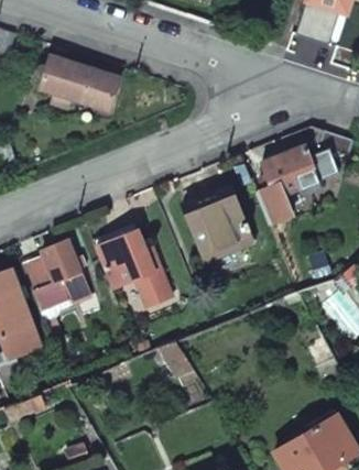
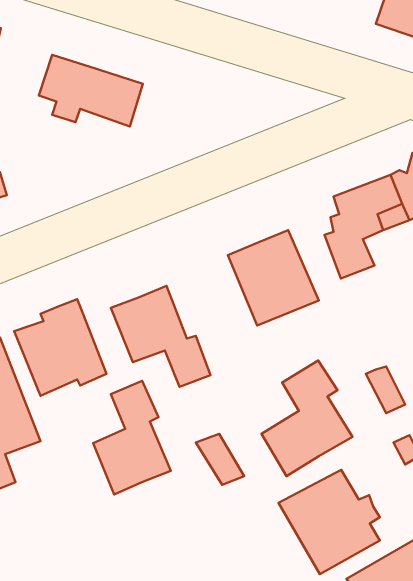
building: none -> [262,361,352,476]
building: none -> [93,381,171,495]
building: none -> [279,470,380,574]

